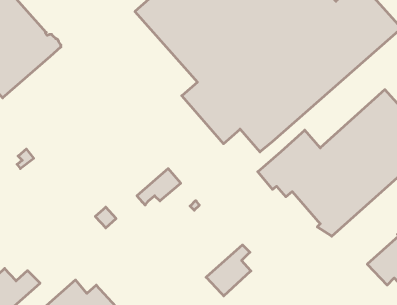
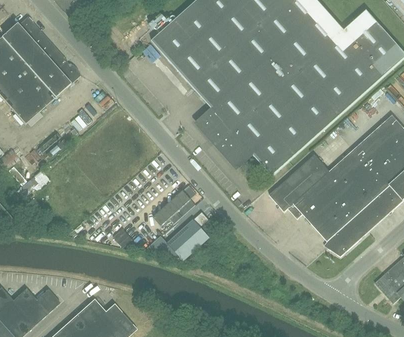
building: [206,245,251,296] -> [167,212,210,261]

